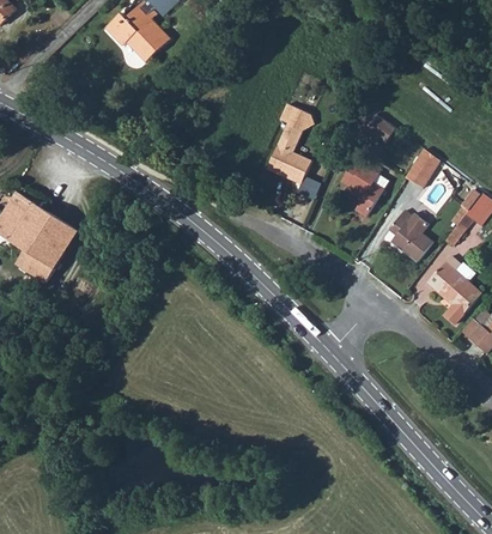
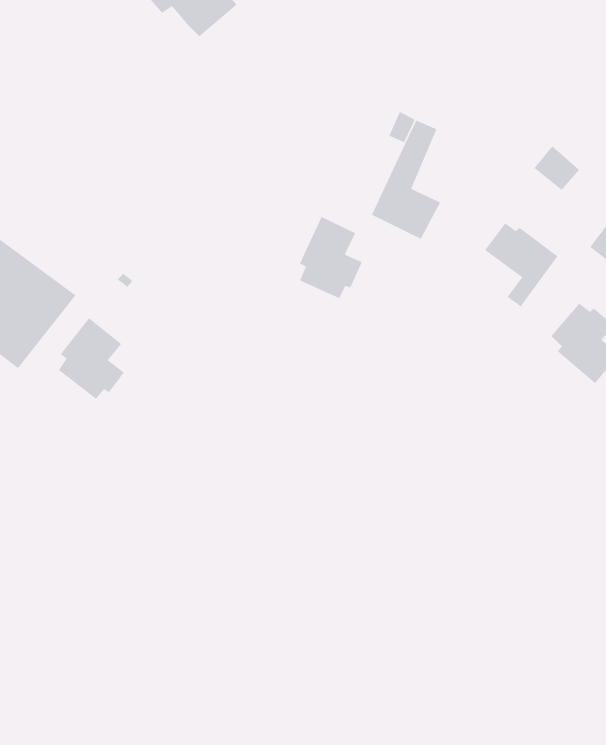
building: none -> [299,216,363,299]
building: none -> [58,317,125,400]

